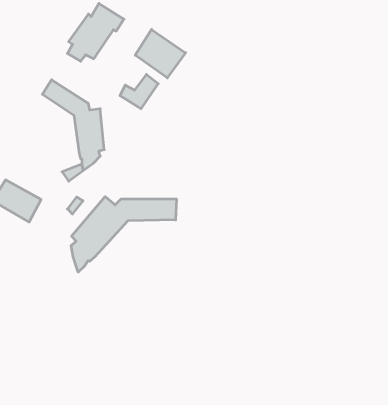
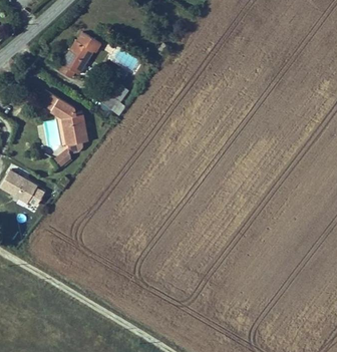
building: [135,29,186,78] -> none
building: [71,197,176,272] -> none

